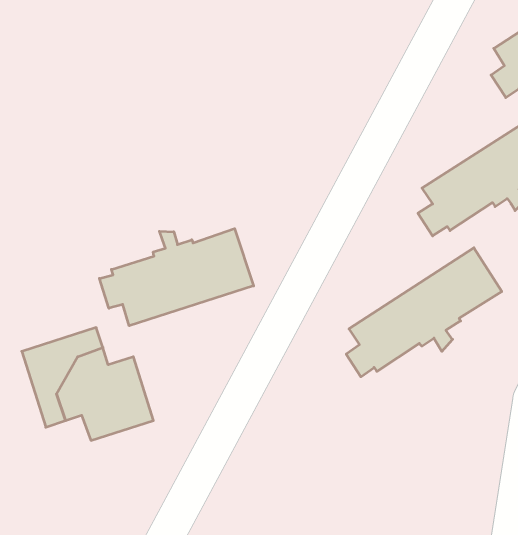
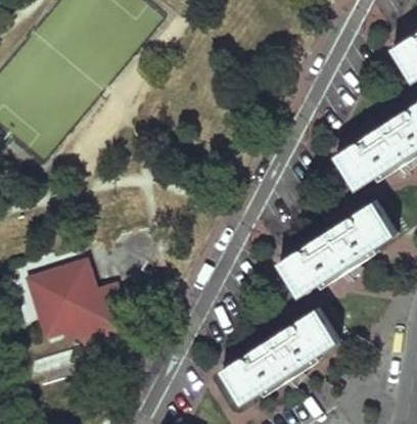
building: [99,229,254,326] -> none
building: none -> [220,309,340,407]

